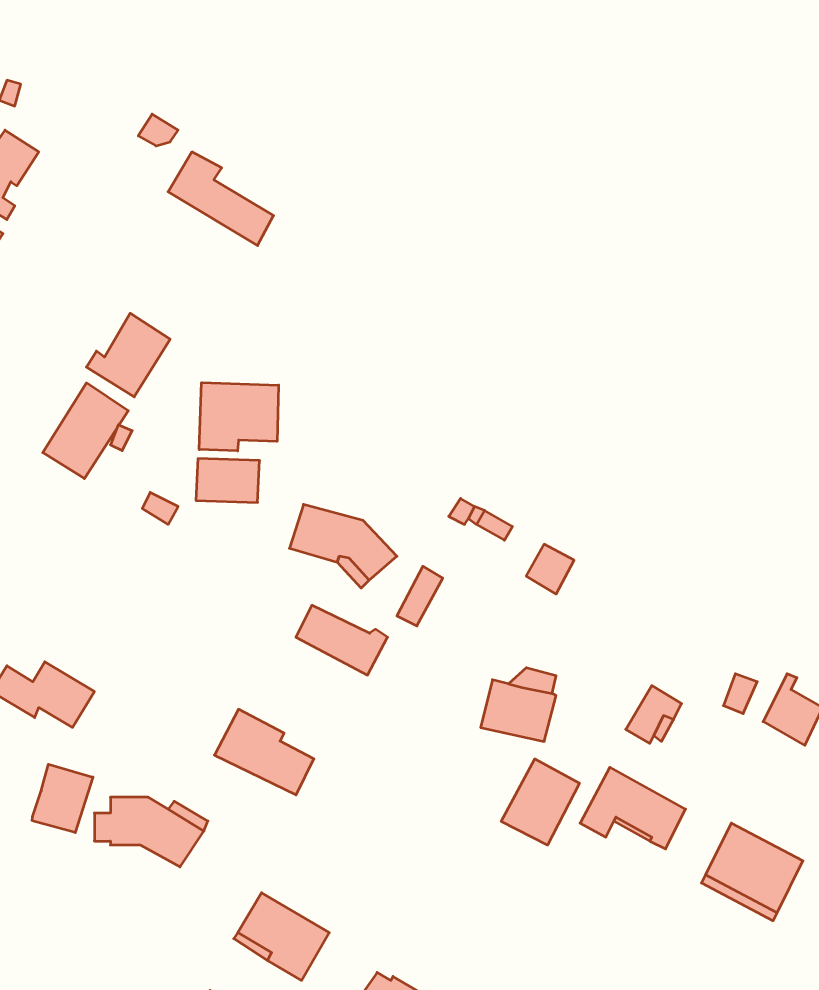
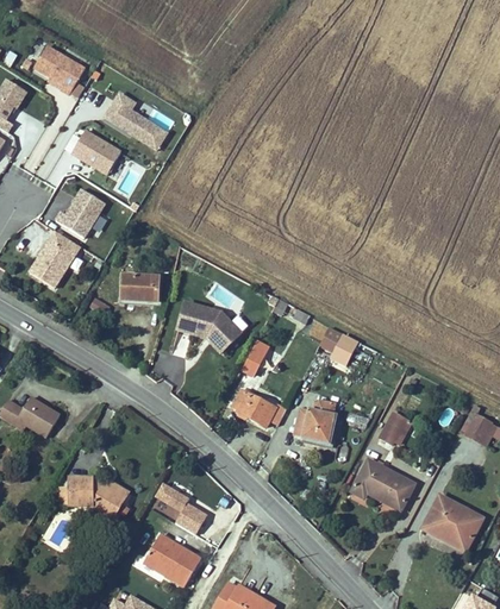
building: none -> [35,45,86,93]
building: none -> [71,130,121,174]
building: [199,383,279,451] -> none
building: [296,605,388,675] -> [232,389,287,431]
building: [214,709,314,795] -> [149,481,208,532]
building: [501,759,579,845] -> none
building: [32,764,93,833] -> none

